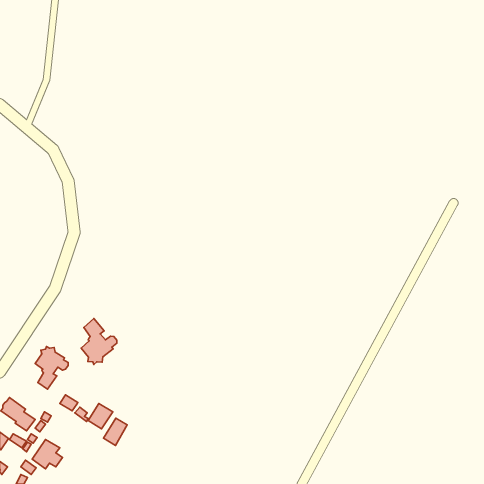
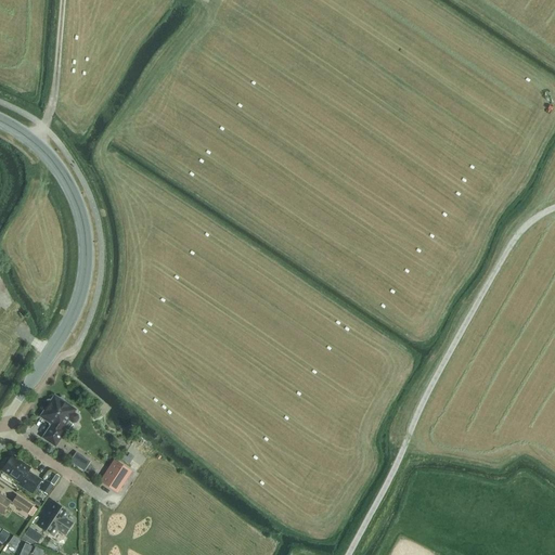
building: [81,318,117,365] -> none
building: [104,418,127,445] -> none

